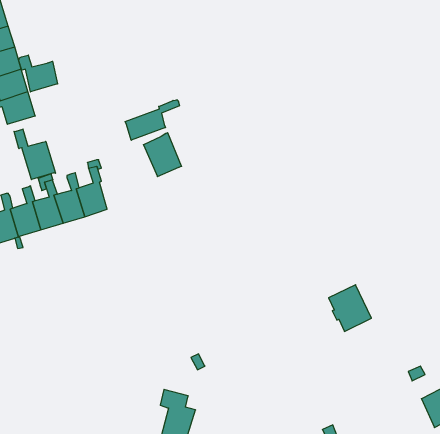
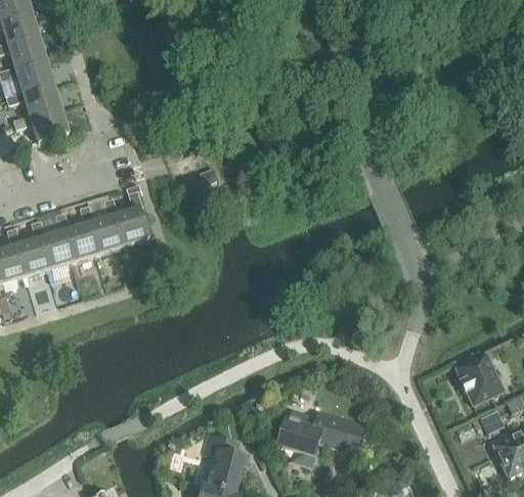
building: [19,55,58,92] -> none
building: [125,100,179,140] -> none
building: [14,129,55,180] -> none
building: [329,285,371,331] -> [456,353,504,404]
building: none -> [276,411,363,463]

